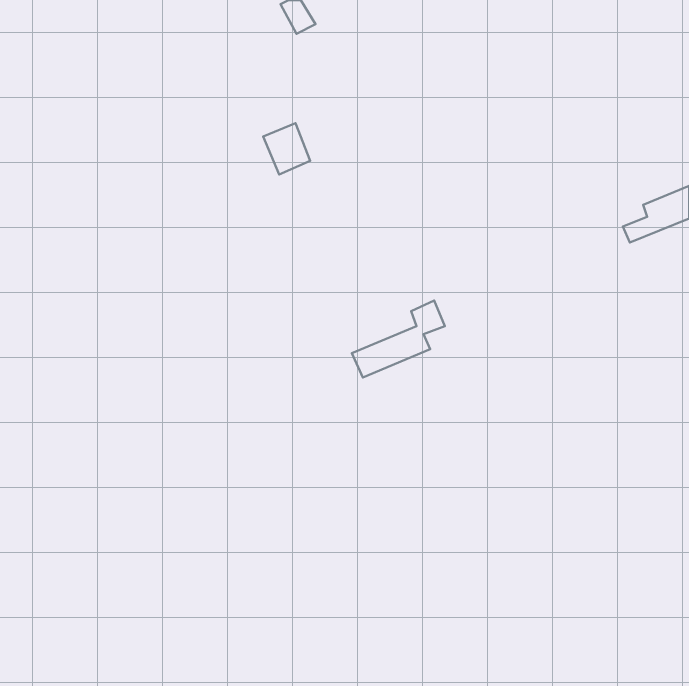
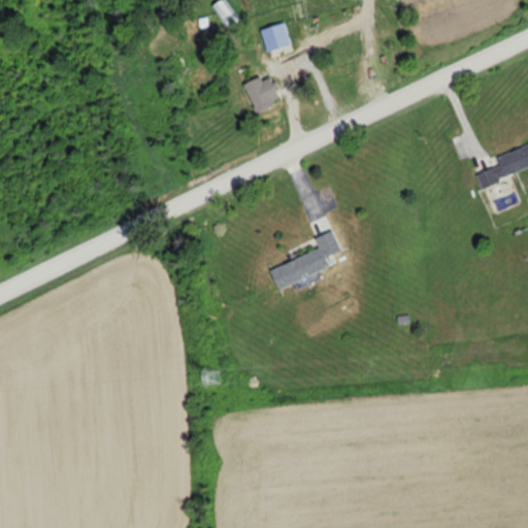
building: none -> [262,24,291,53]
building: [263,123,310,174] -> [244,74,280,113]

